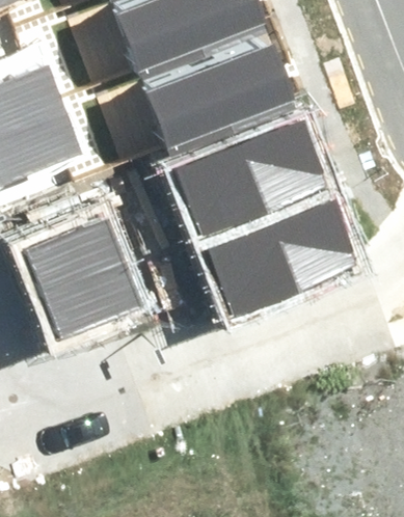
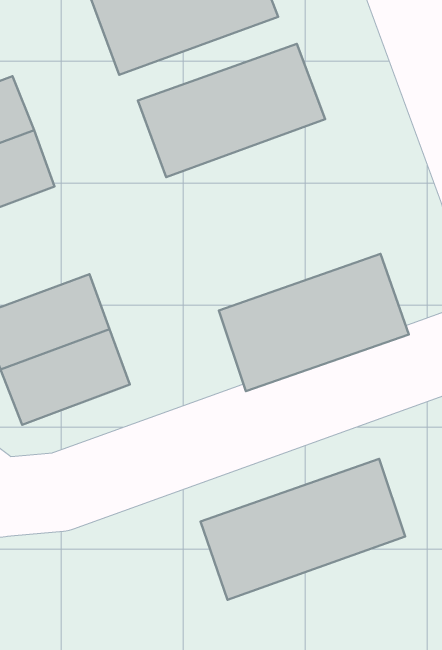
building: [177,123,324,227] -> none
building: none -> [200,459,405,600]

